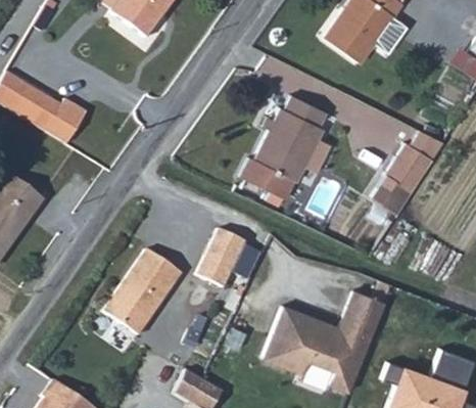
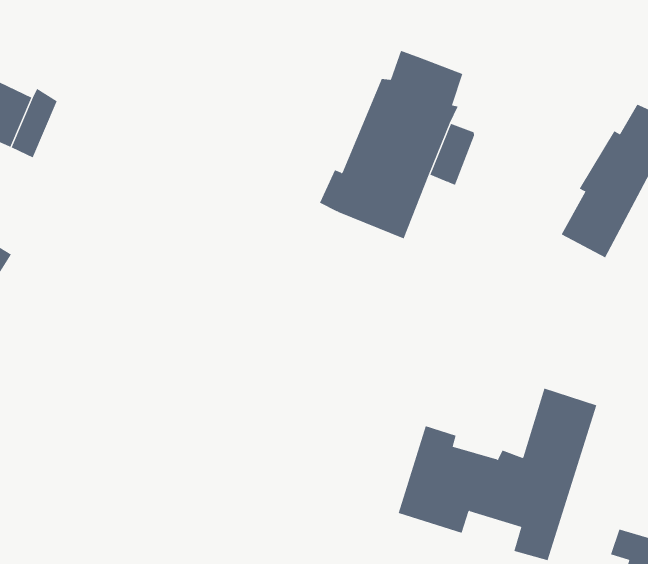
building: [194,229,242,286] -> none
building: [100,250,180,337] -> none

